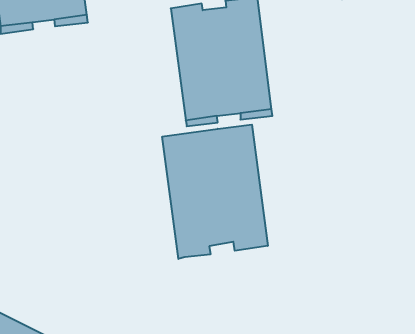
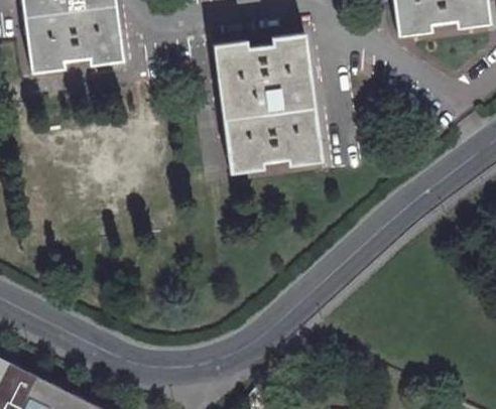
building: [162,125,268,259] -> none

